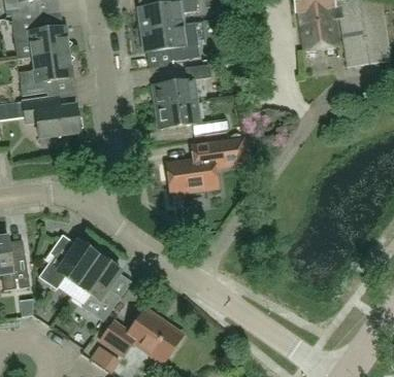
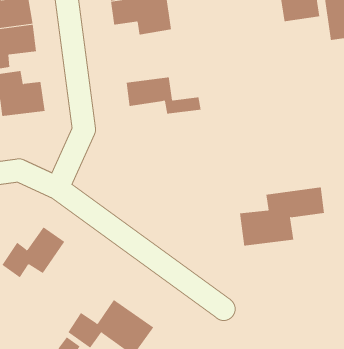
building: [154,63,210,105] -> none
building: [166,137,247,193] -> [239,187,325,246]
building: [78,254,121,320] -> none

